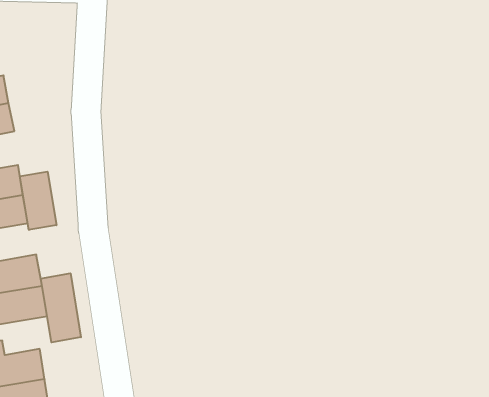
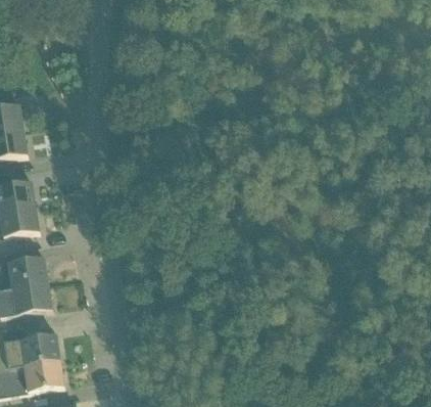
building: [20,172,56,230] -> none
building: [41,273,81,342] -> none

